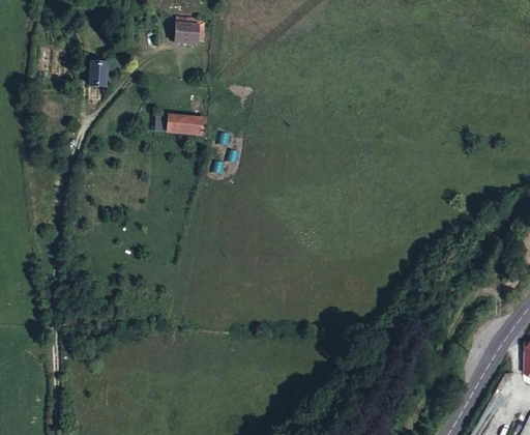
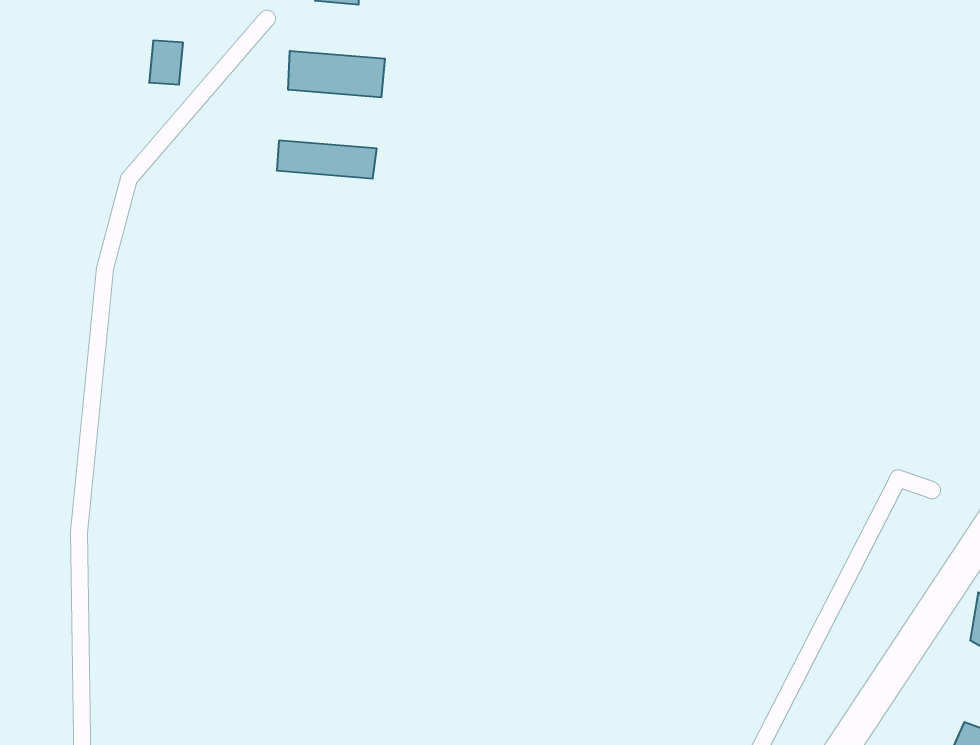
building: none -> [288,51,385,97]

